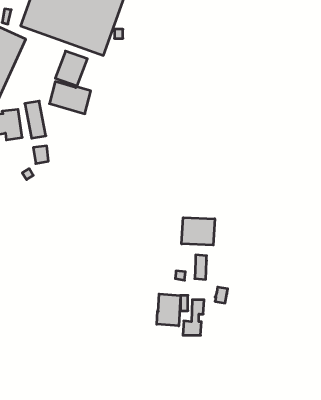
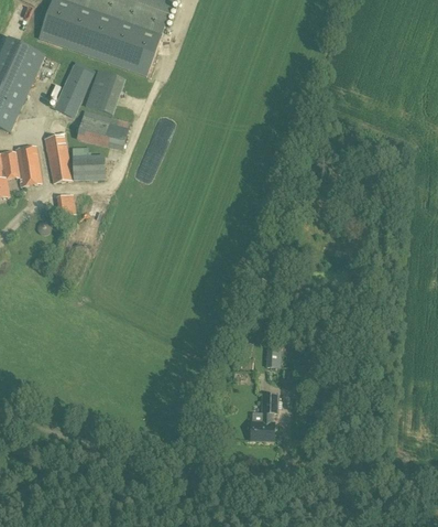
building: none -> [54,65,92,116]
building: none -> [72,153,106,181]
building: [182,218,215,245] -> none
building: [157,294,180,326] -> none

